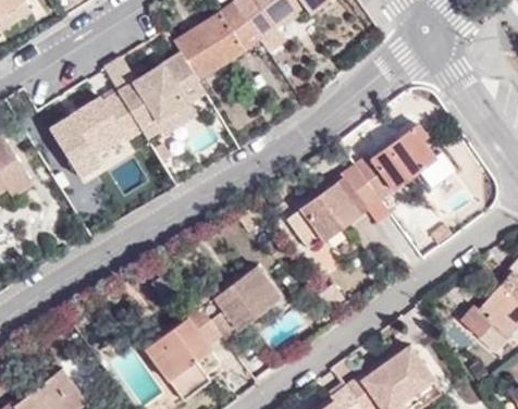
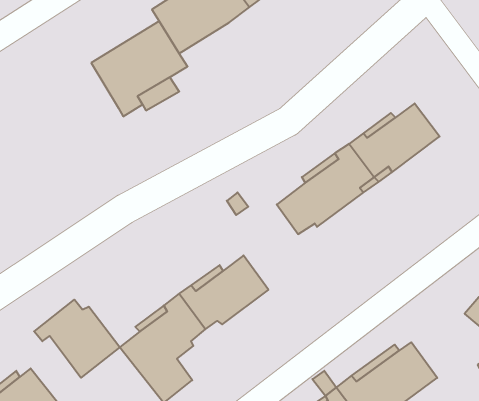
building: [51,90,144,177] -> none
building: none -> [34,300,120,378]

